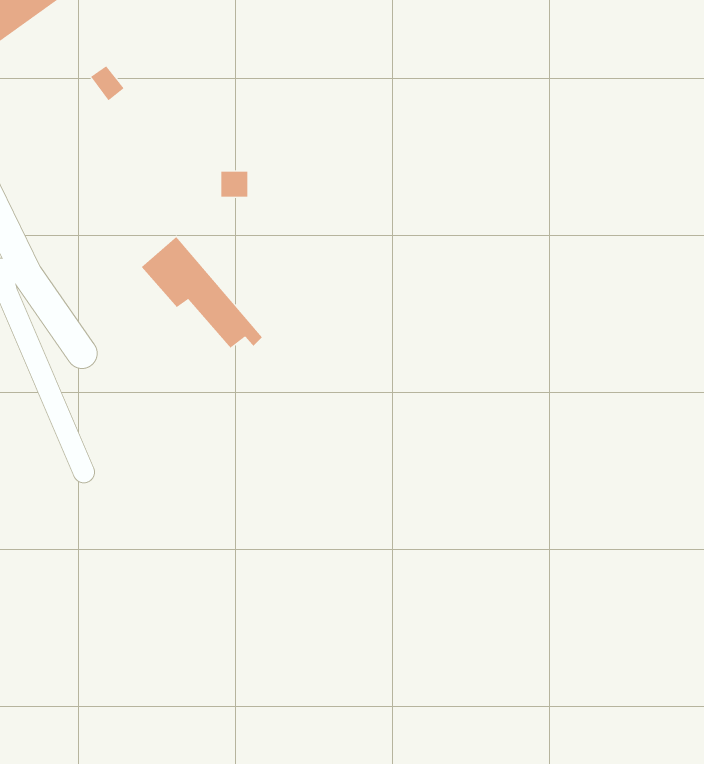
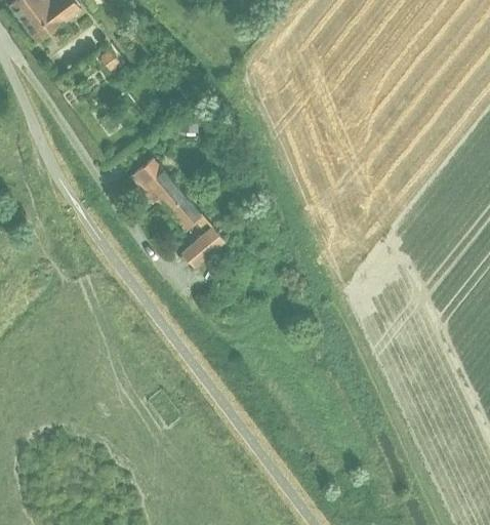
building: none -> [182,228,226,268]

